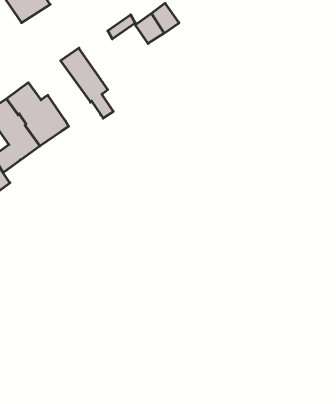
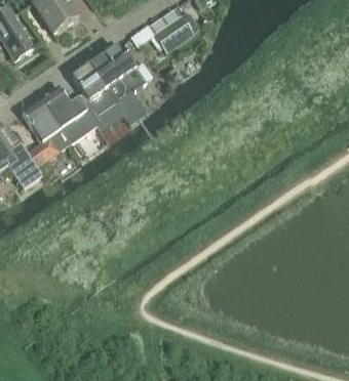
building: none -> [105,43,154,91]
building: none -> [73,66,124,130]

